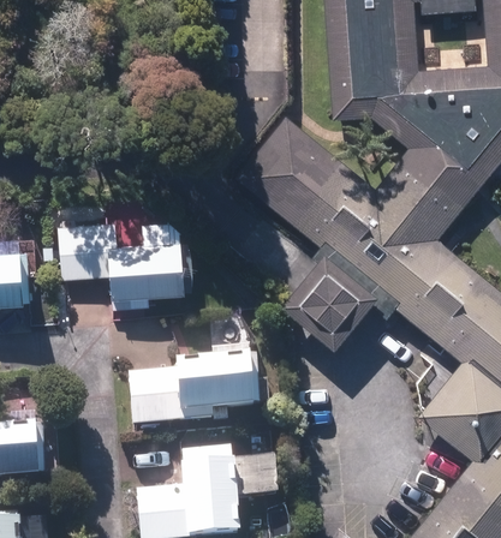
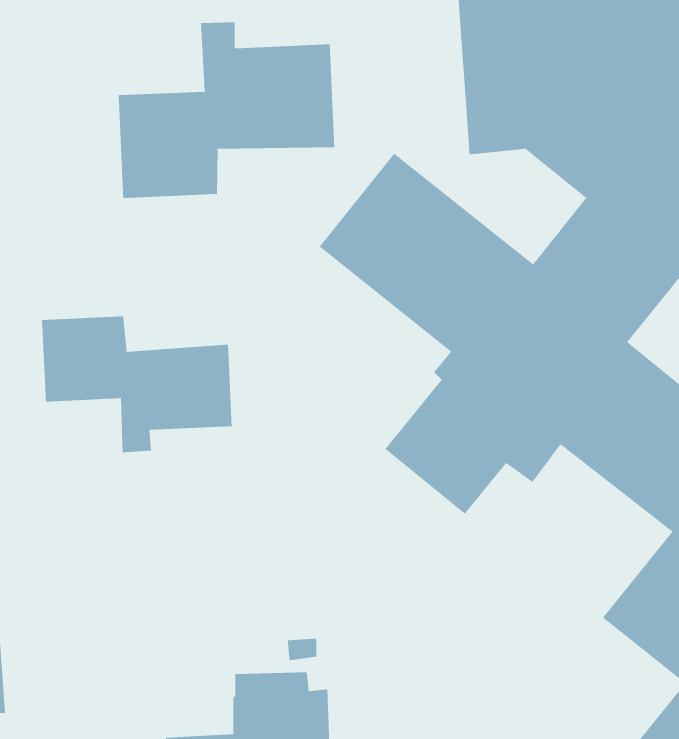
building: none -> [118,22,335,199]
building: [129,354,258,426] -> none

